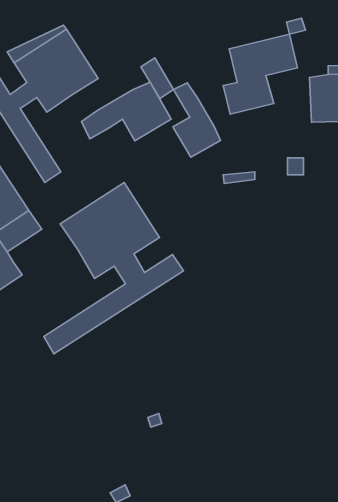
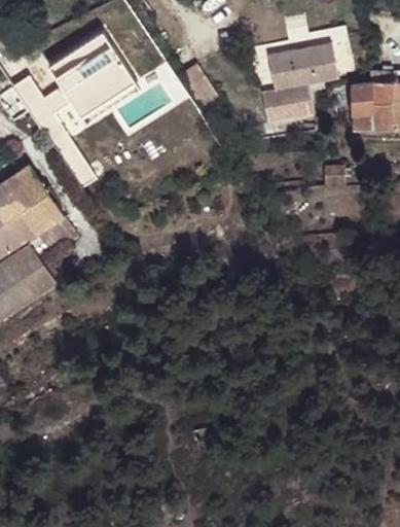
building: [81,82,171,141] -> none
building: [173,83,220,157] -> none
building: [44,183,183,354] -> none

